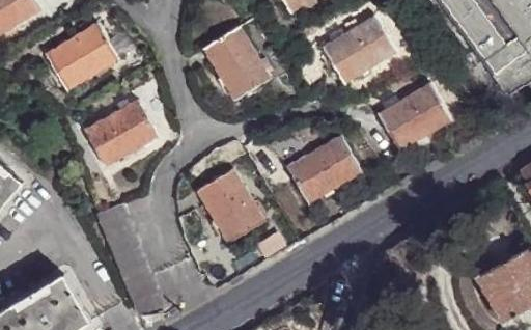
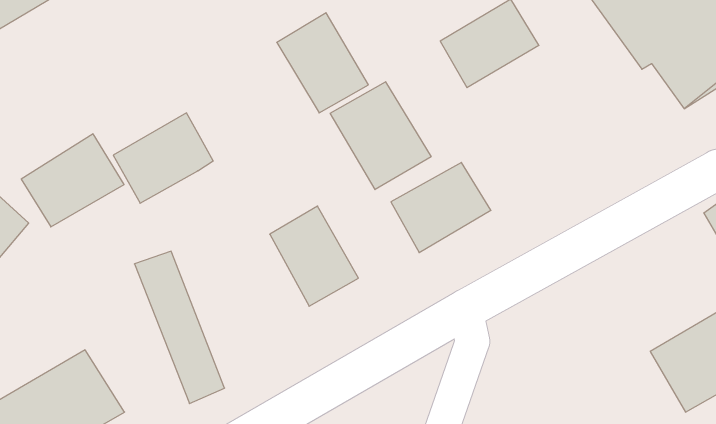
building: [48,24,123,92] -> [21,134,124,227]
building: none -> [330,82,431,190]
building: [379,84,451,149] -> none

